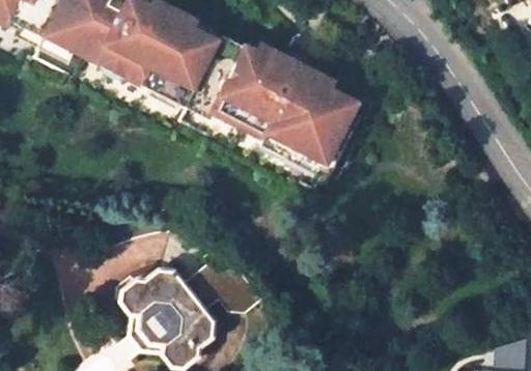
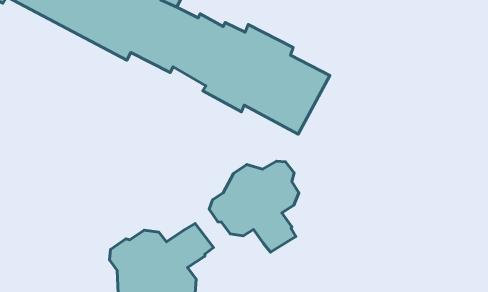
building: none -> [209,161,299,252]

